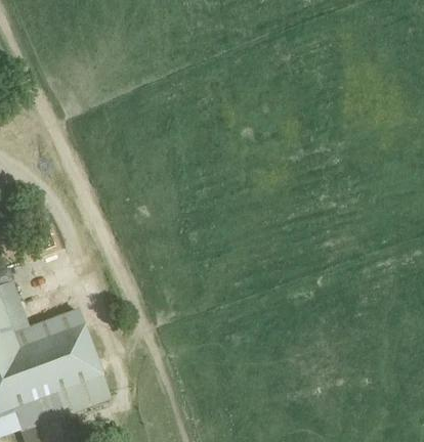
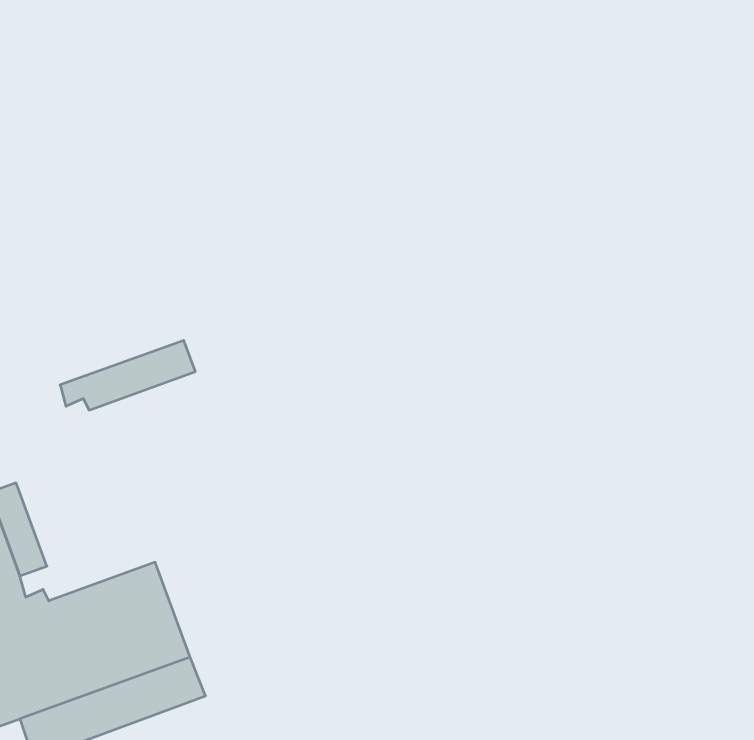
building: [13,309,85,346] -> [60,340,195,410]

